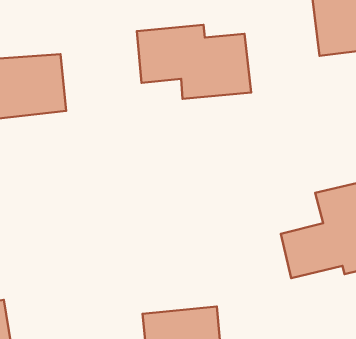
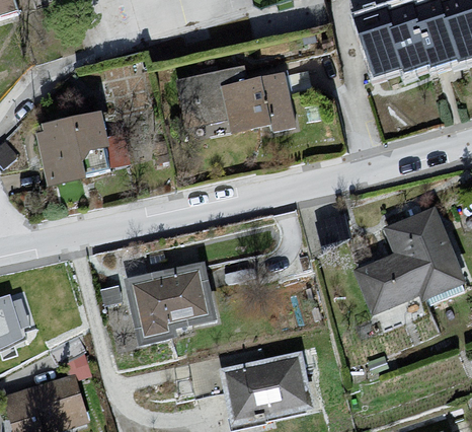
building: none -> [125,259,218,337]

